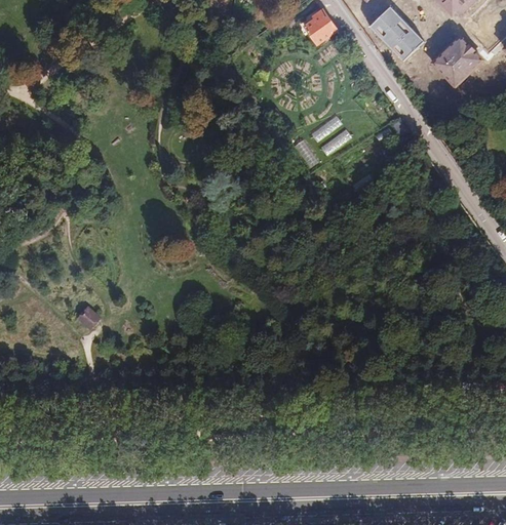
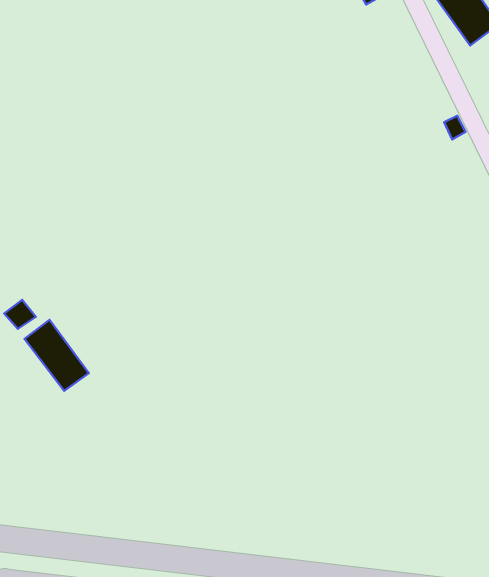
building: none -> [25,320,89,391]

